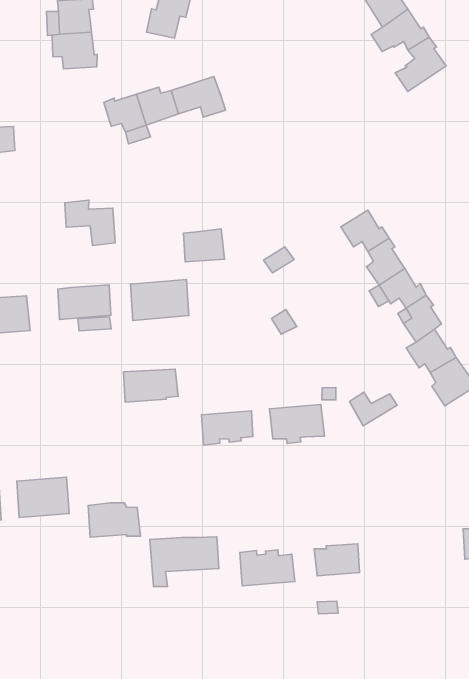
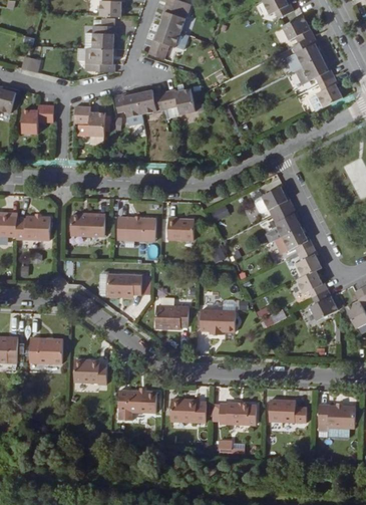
building: [65,200,115,245] -> [73,105,105,136]
building: [183,229,224,262] -> [166,219,193,239]
building: none -> [269,399,306,422]

